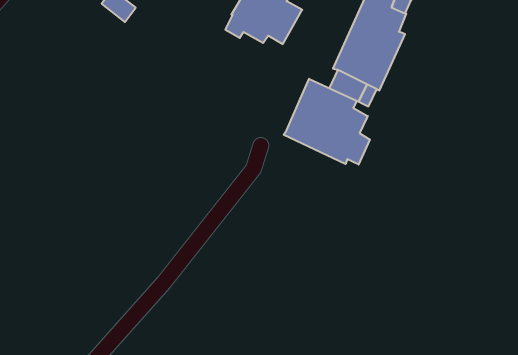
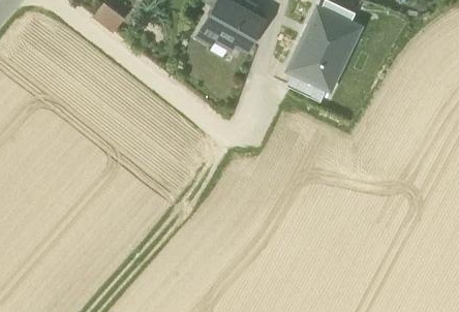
building: [284,79,370,165] -> none

